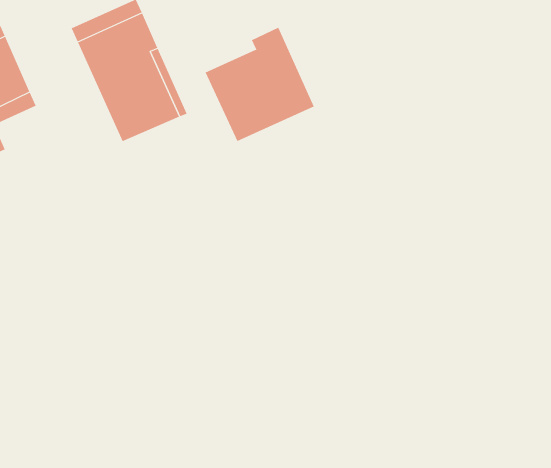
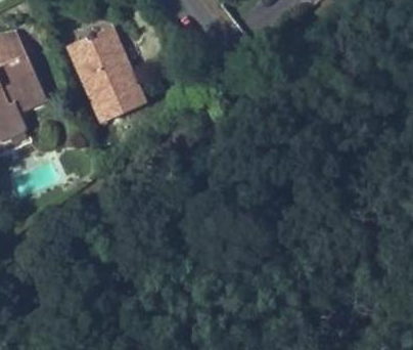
building: [205,27,315,142] -> none

